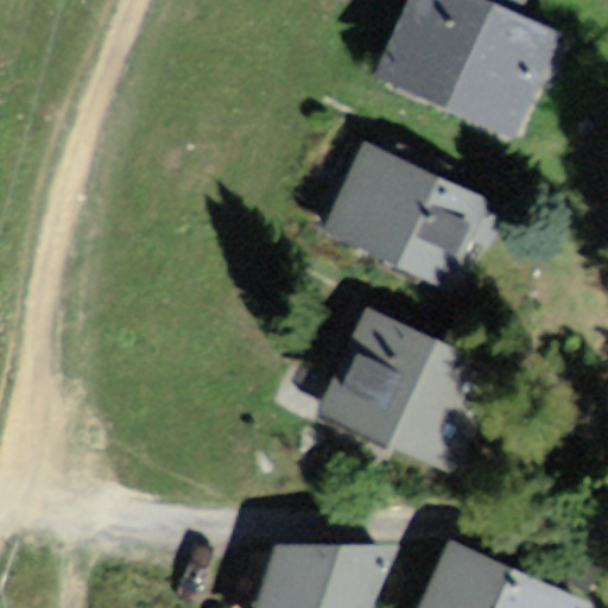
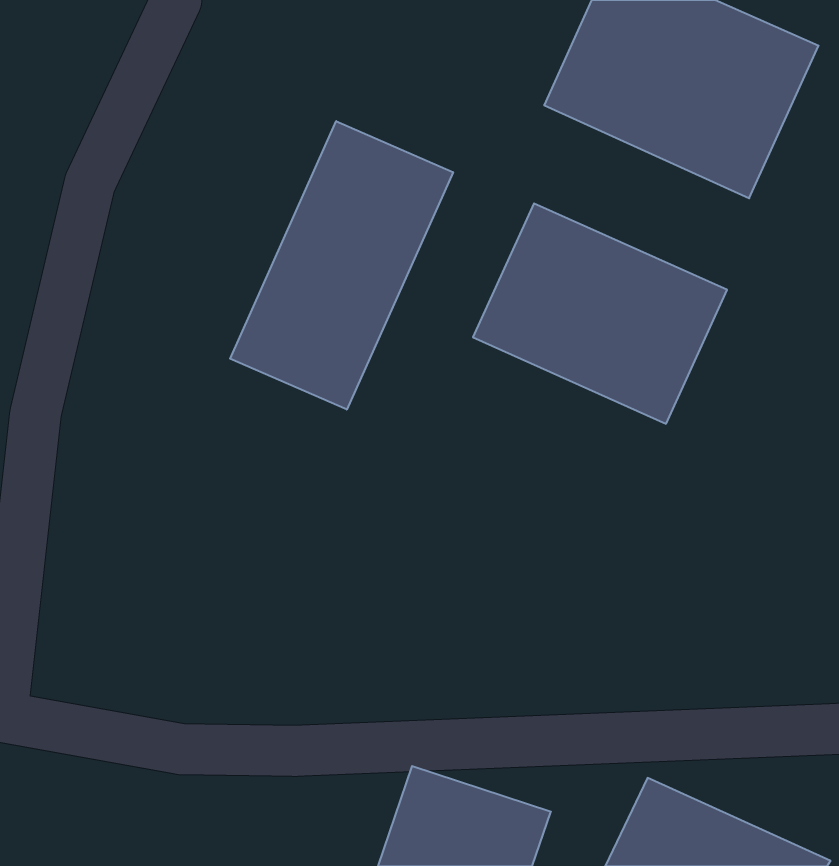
building: none -> [230,121,453,410]
building: [290,303,474,469] -> none

